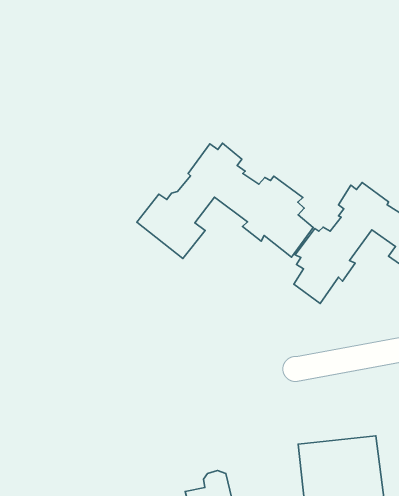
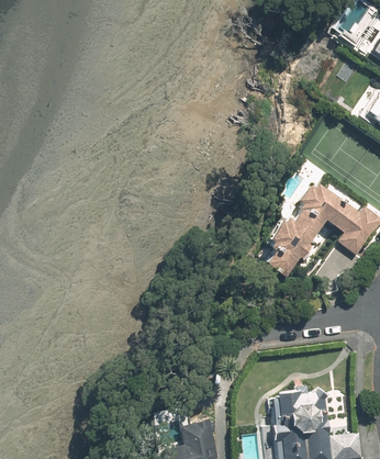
building: [137,143,313,259] -> none

